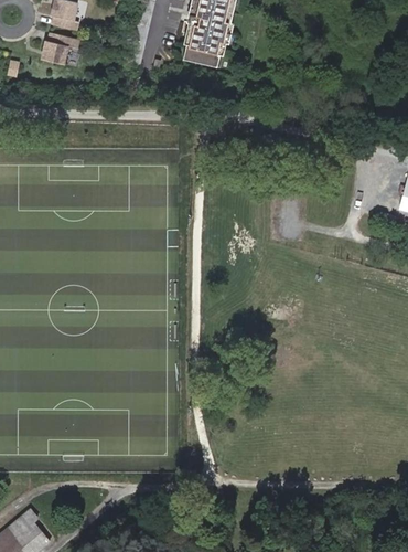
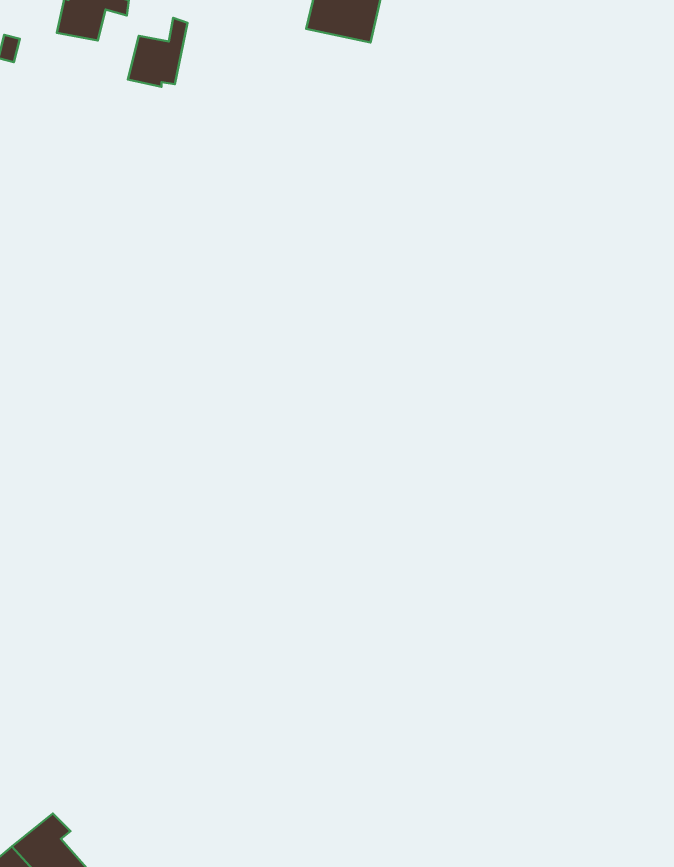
building: none -> [128,18,187,87]

